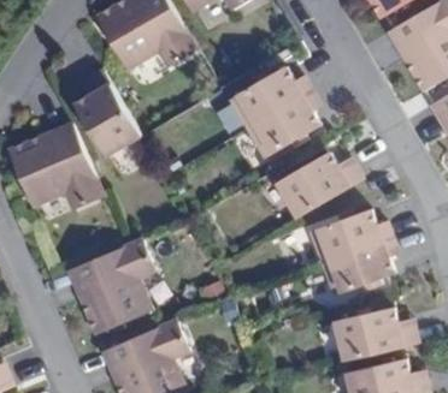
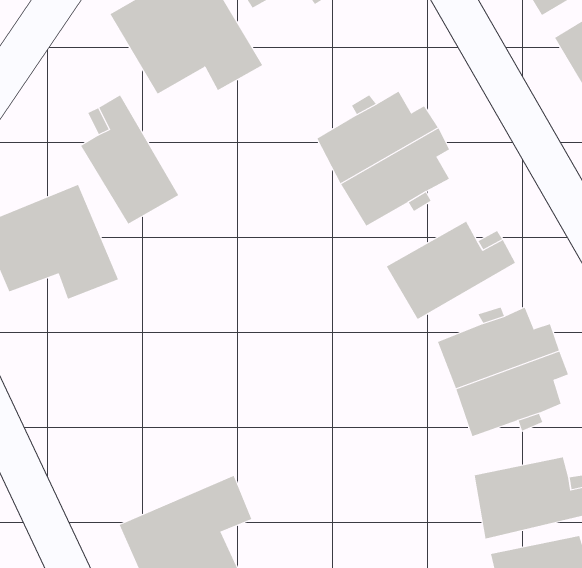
building: [69,239,155,333] -> none

